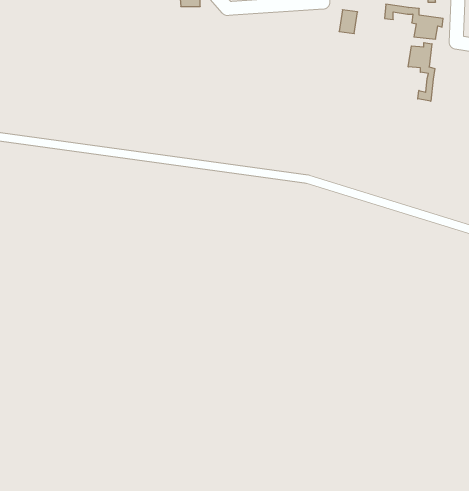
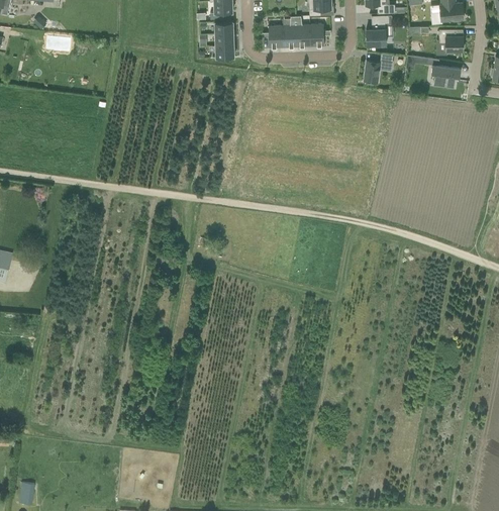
building: [408,43,435,101] -> none

